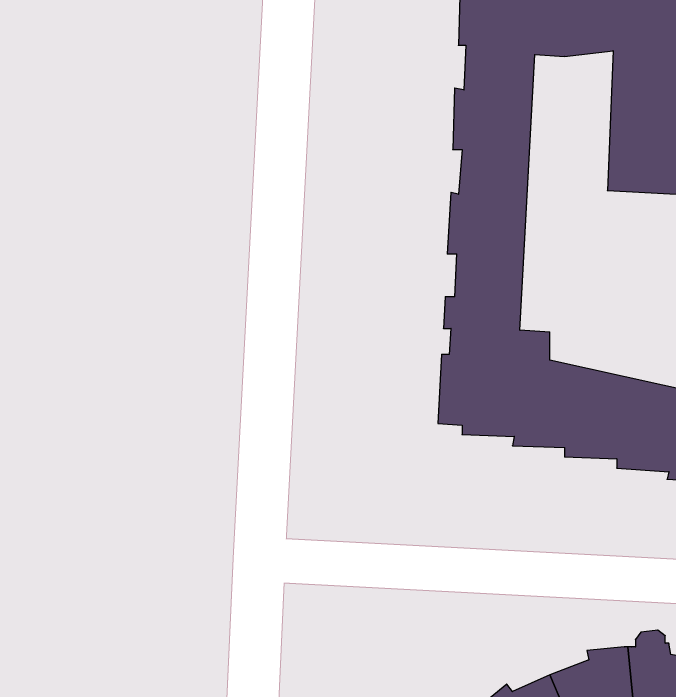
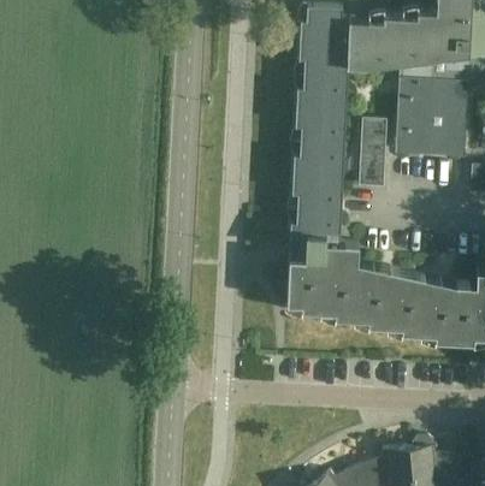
building: none -> [357,121,386,190]

